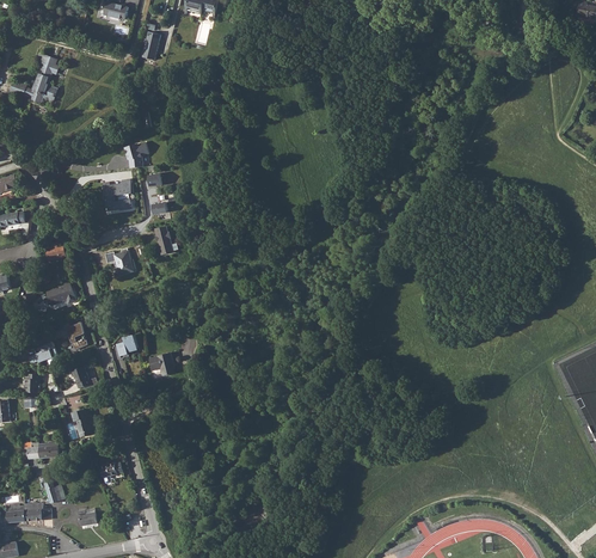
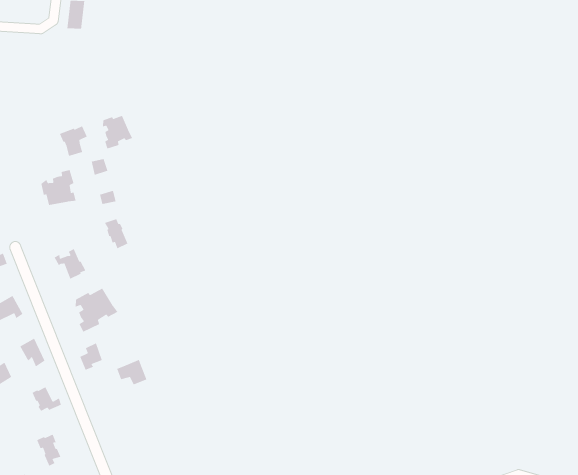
building: none -> [102,115,133,149]
building: none -> [75,288,118,333]

